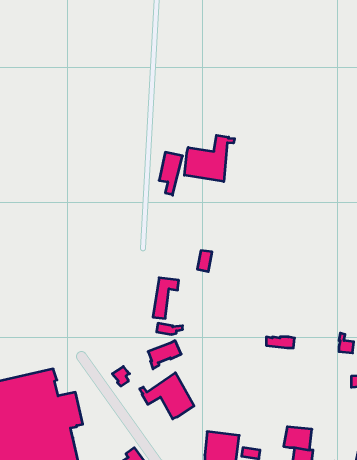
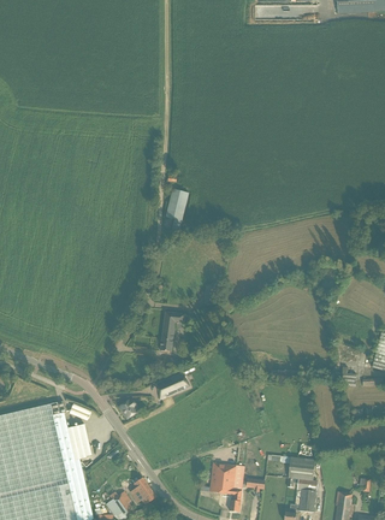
building: [184,135,235,182] -> none
building: [140,373,194,419] -> none

